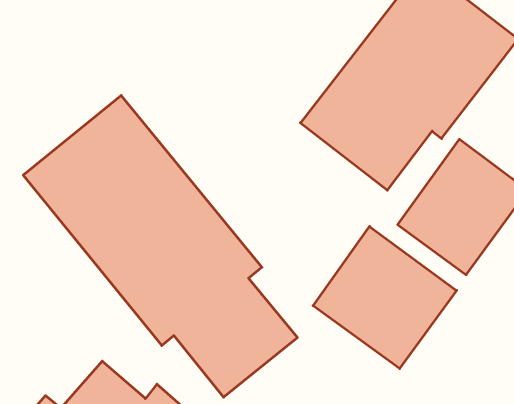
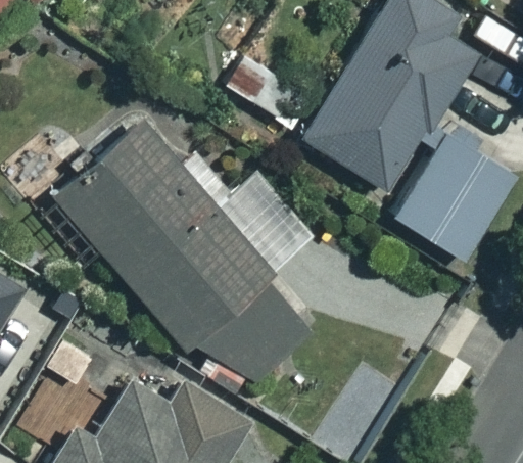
building: [313,226,457,369] -> none

